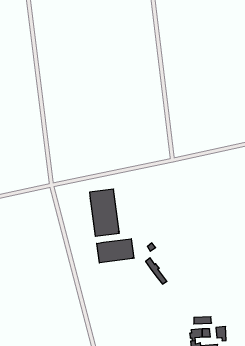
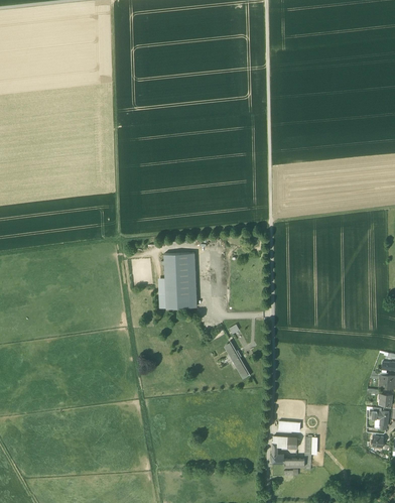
building: [97,239,134,263] -> none

